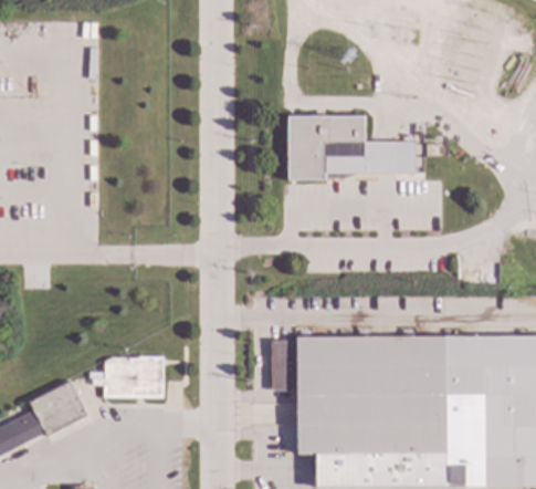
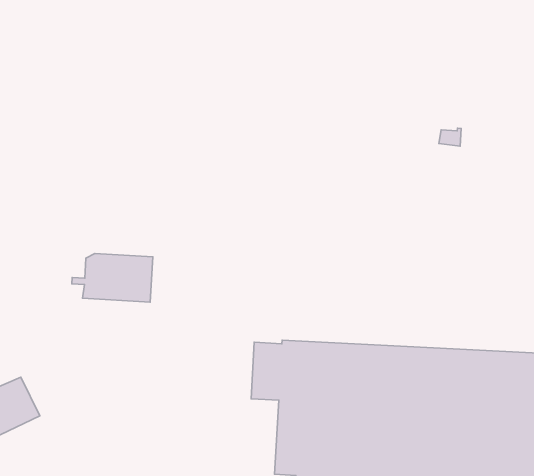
building: [286,116,421,181] -> none
building: [94,357,164,397] -> [72,254,153,302]

